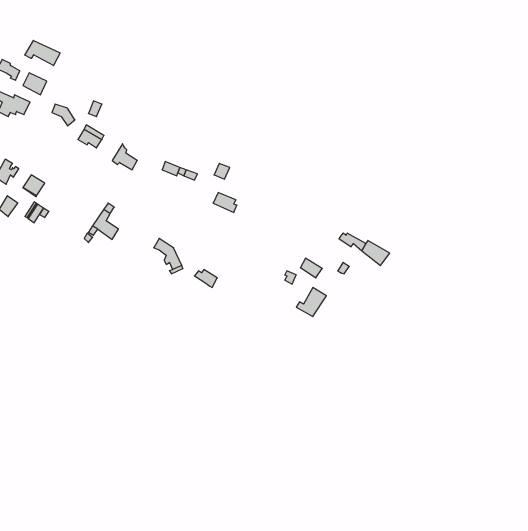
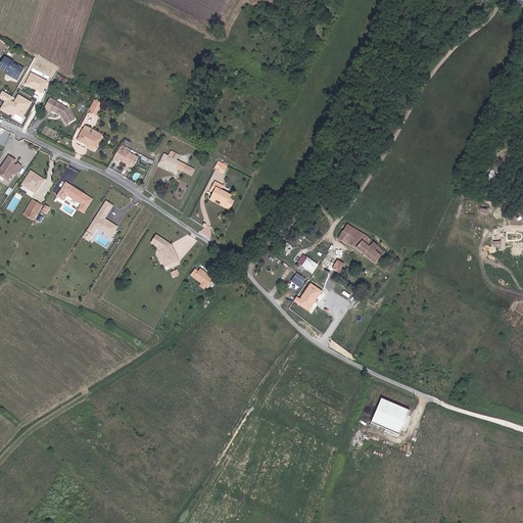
building: [25,40,60,66] -> none
building: none -> [54,182,92,215]
building: none -> [375,392,414,427]

